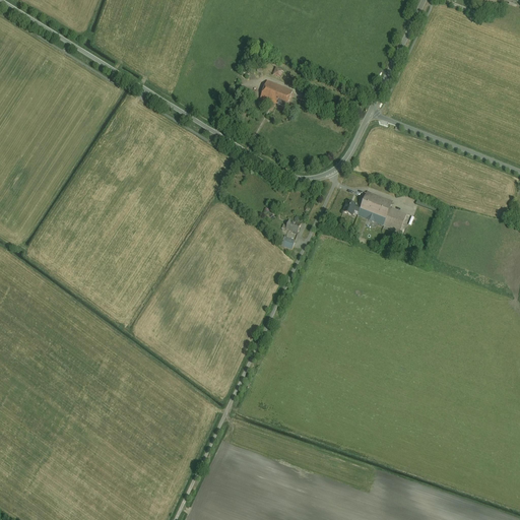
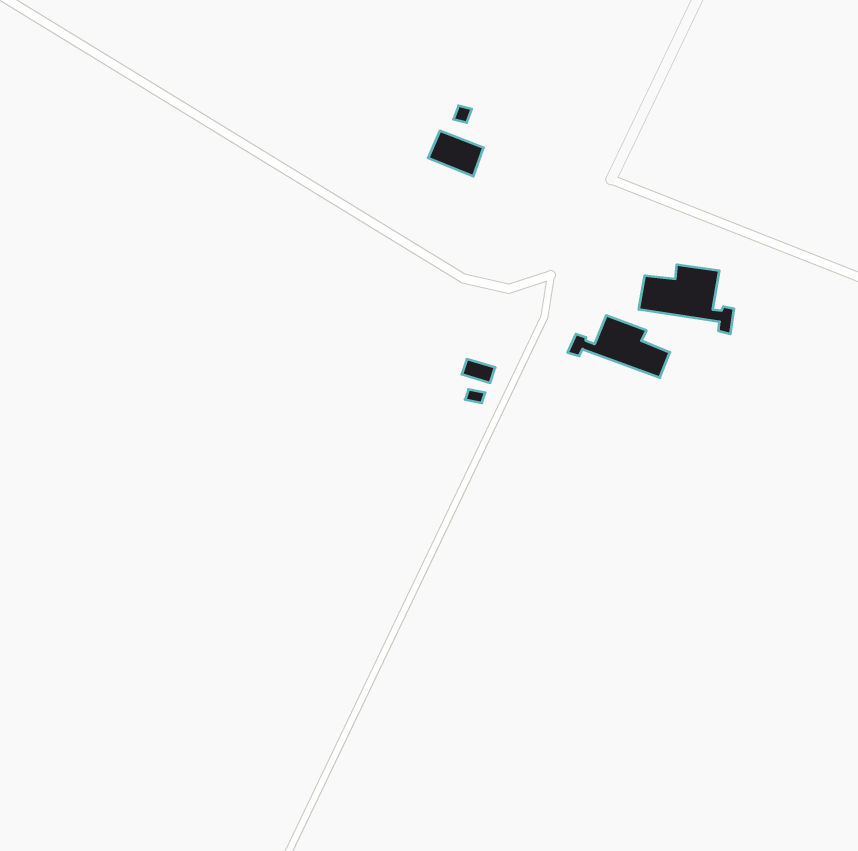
building: none -> [639,265,734,334]

